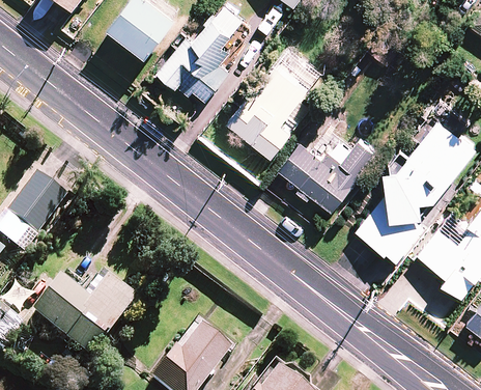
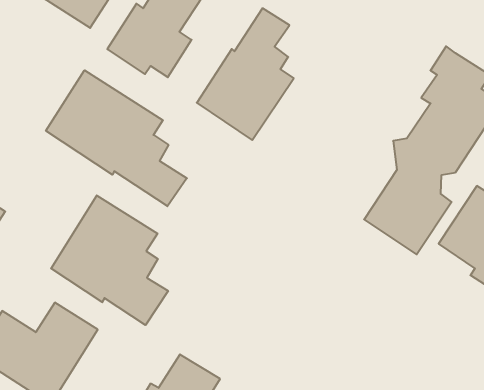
building: none -> [46,70,187,206]
building: [285,131,385,207] -> none
building: none -> [51,195,168,325]

